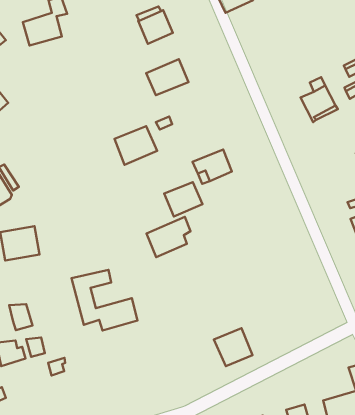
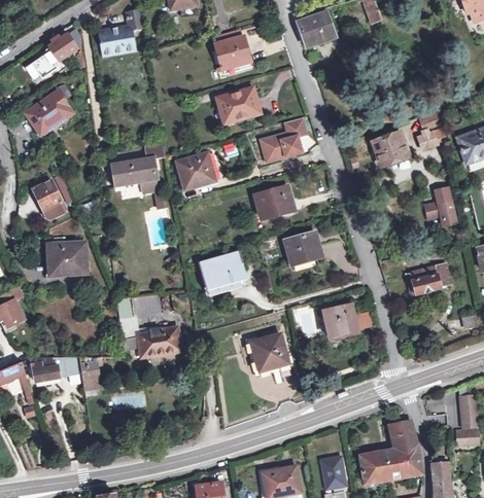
building: none -> [263,116,307,161]
building: none -> [111,142,165,192]
building: [164,182,202,217] -> [283,232,321,264]
building: none -> [321,304,358,336]
building: [9,304,32,330] -> [78,357,100,384]
building: [214,328,253,366] -> [250,333,288,370]

